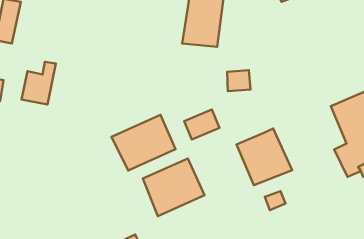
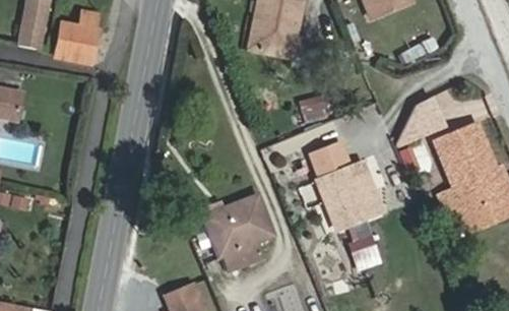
building: [22,62,56,104] -> [60,14,102,66]
building: [184,109,219,139] -> [305,142,347,179]
building: [111,115,176,170] -> none

